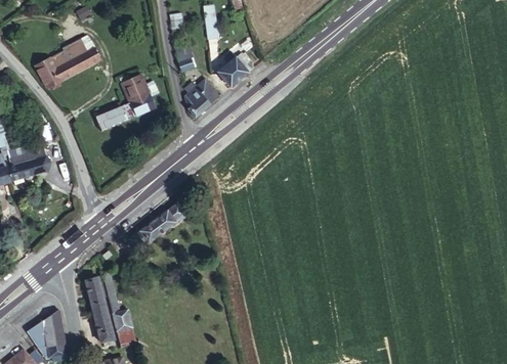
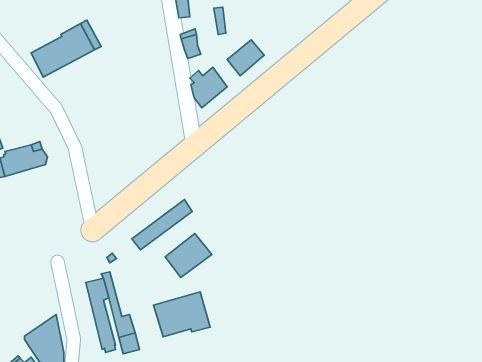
building: [93,71,154,130] -> none
building: none -> [165,233,212,277]
building: none -> [153,292,210,337]

